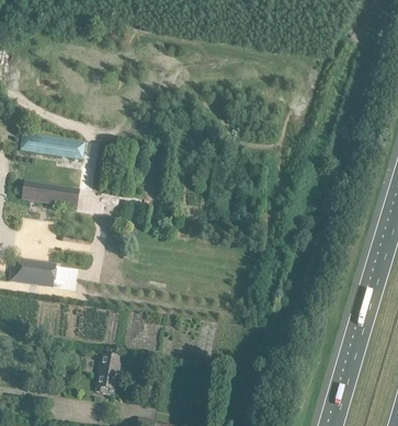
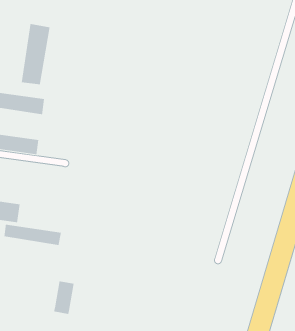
building: none -> [21,23,50,85]
building: none -> [4,224,61,246]

